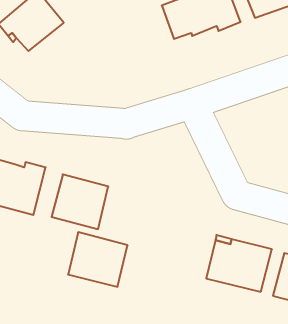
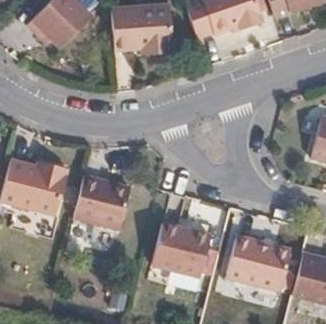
building: none -> [110,7,171,57]
building: [68,232,128,287] -> [153,222,212,276]

